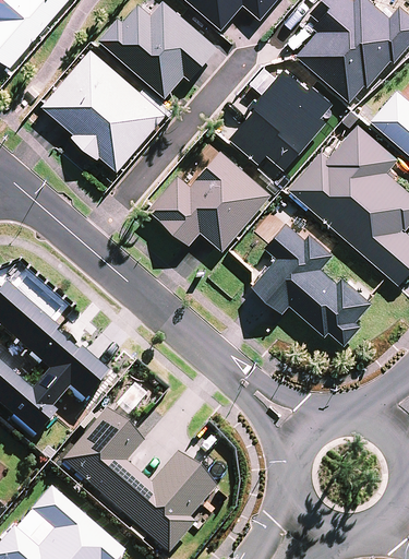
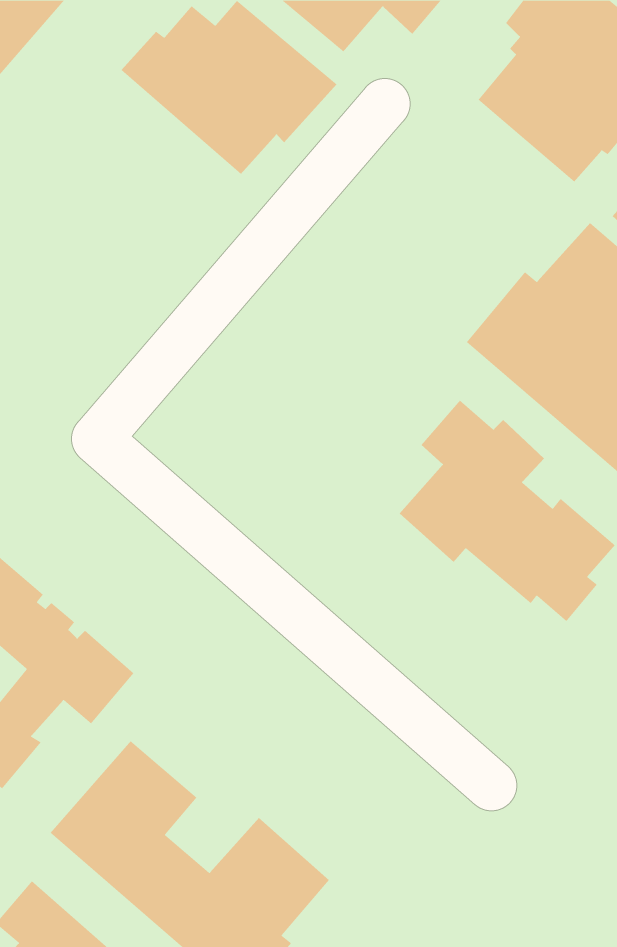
building: [41,49,167,171] -> none
building: [230,68,333,169] -> none
building: [148,151,272,251] -> none

